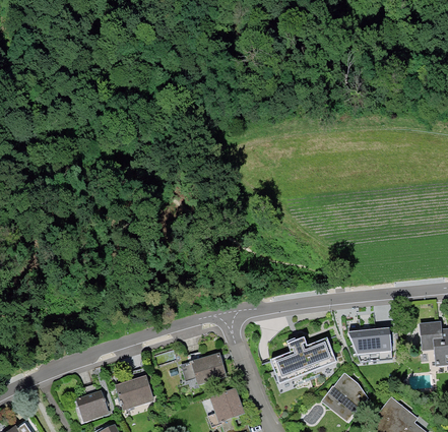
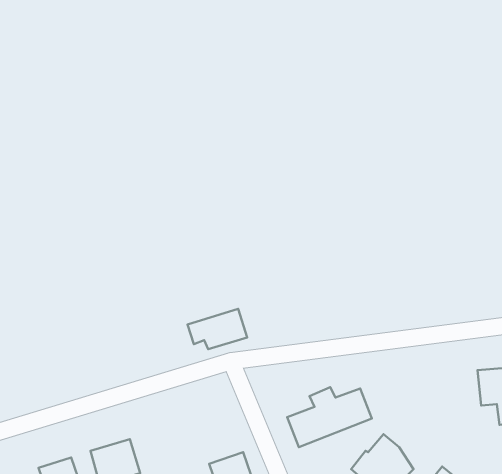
building: [347,326,392,360] -> none
building: [181,354,228,385] -> [187,309,247,349]

